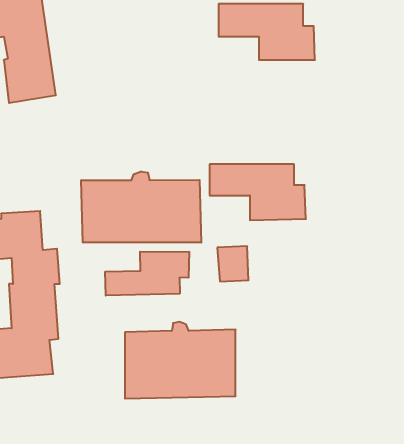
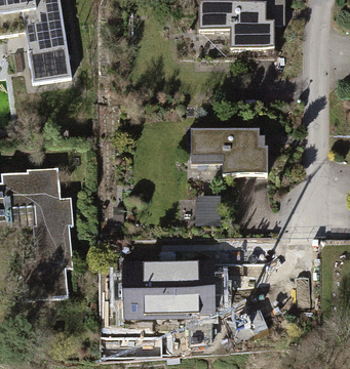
building: [81,171,201,243] -> none
building: [105,252,189,296] -> none

